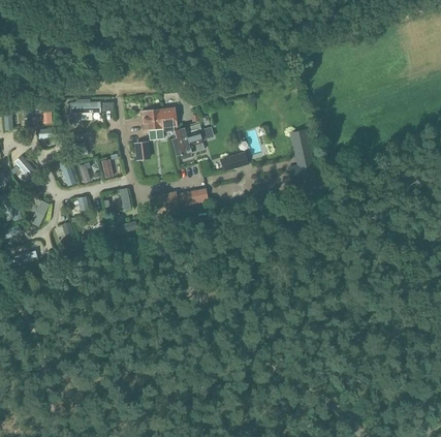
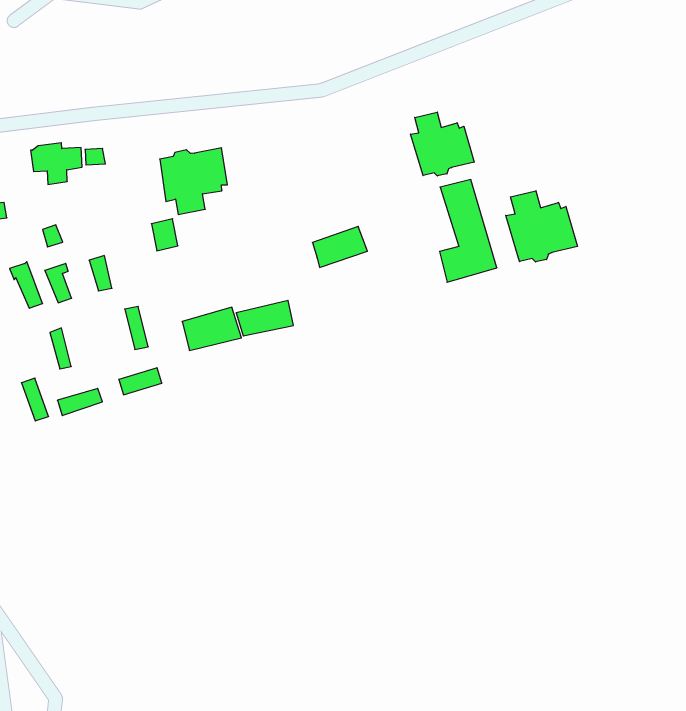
building: none -> [411,112,474,176]
building: [171,123,214,158] -> none
building: none -> [506,191,577,262]

